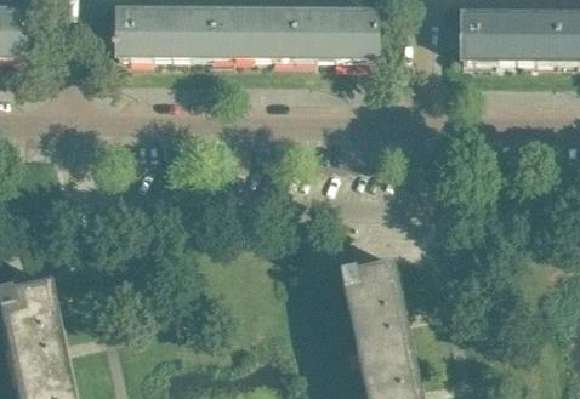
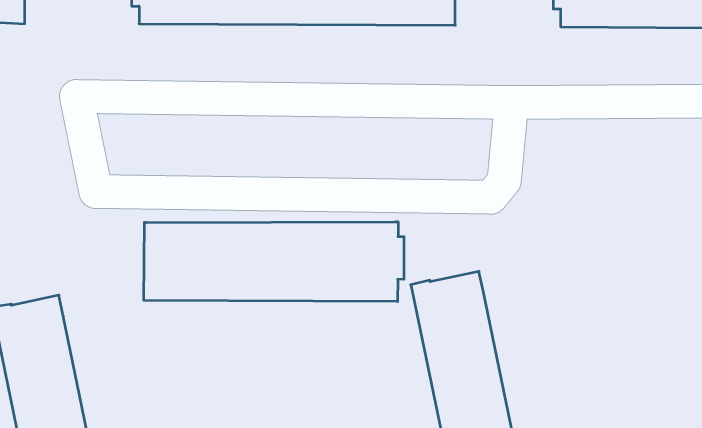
building: none -> [144,222,404,302]

